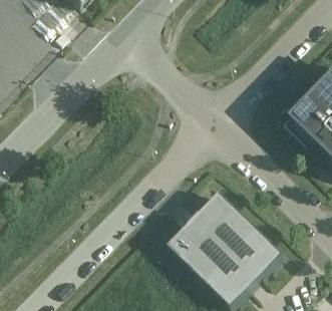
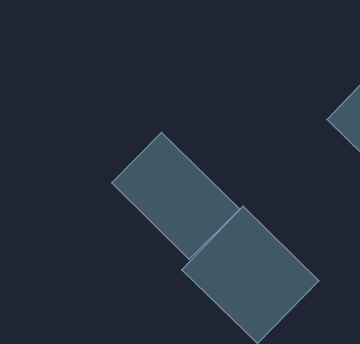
building: none -> [112,132,240,260]

